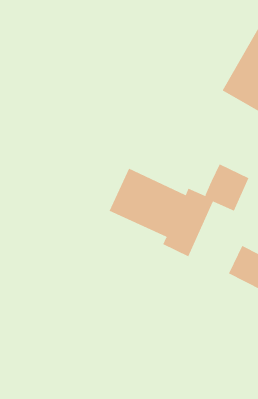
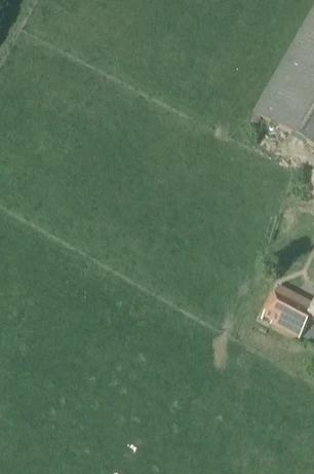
building: [109,163,249,257] -> none

